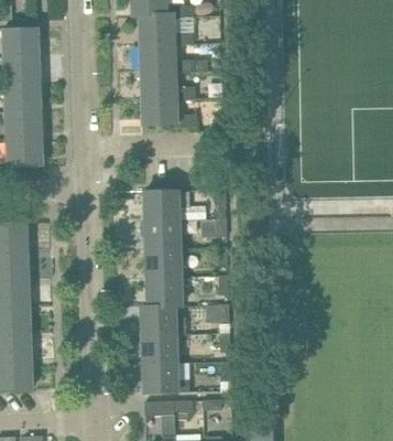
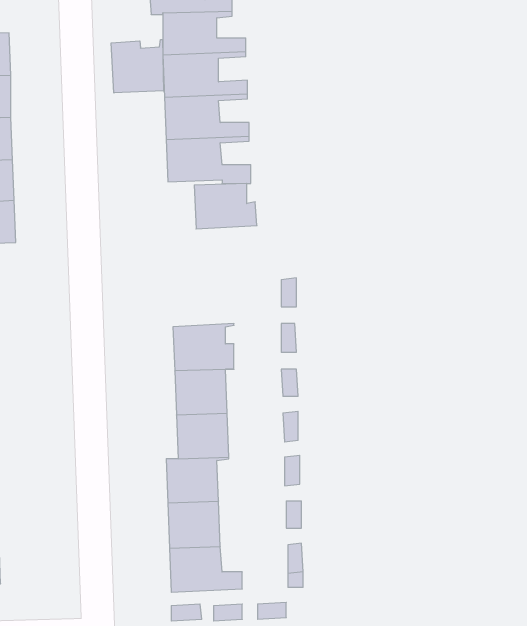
building: none -> [111,39,163,93]
building: [144,191,185,220] -> [194,183,257,229]

